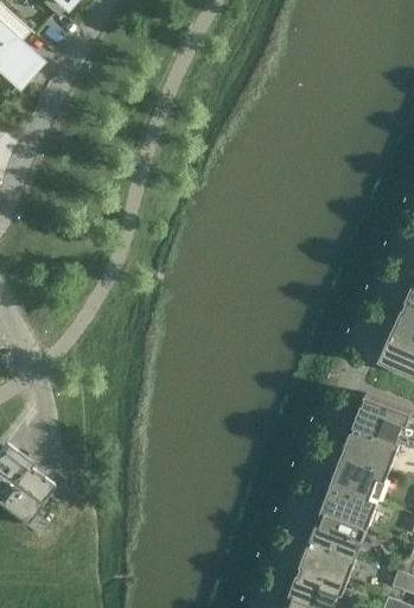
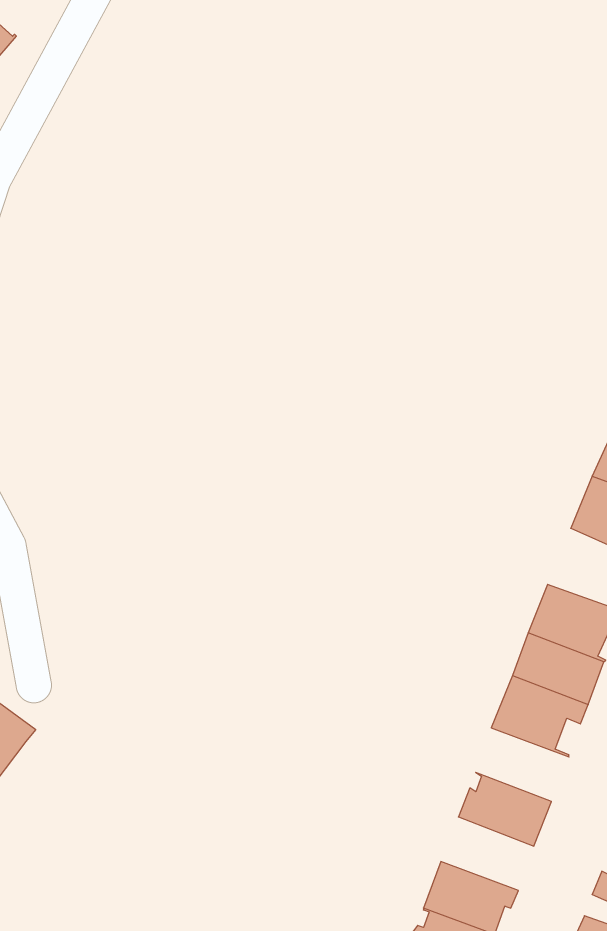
building: [321,482,378,527] -> none
building: [300,537,357,582] -> none

